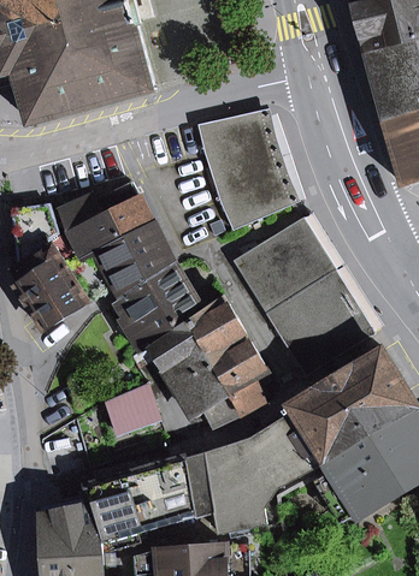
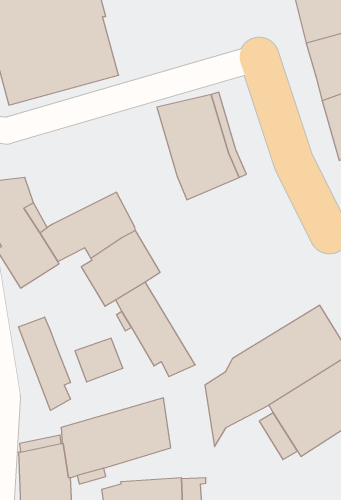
building: [60,182,152,257] -> none
building: [234,219,372,374] -> none
building: [184,295,267,416] -> none
building: none -> [19,317,71,410]
building: [205,439,265,533] -> none

